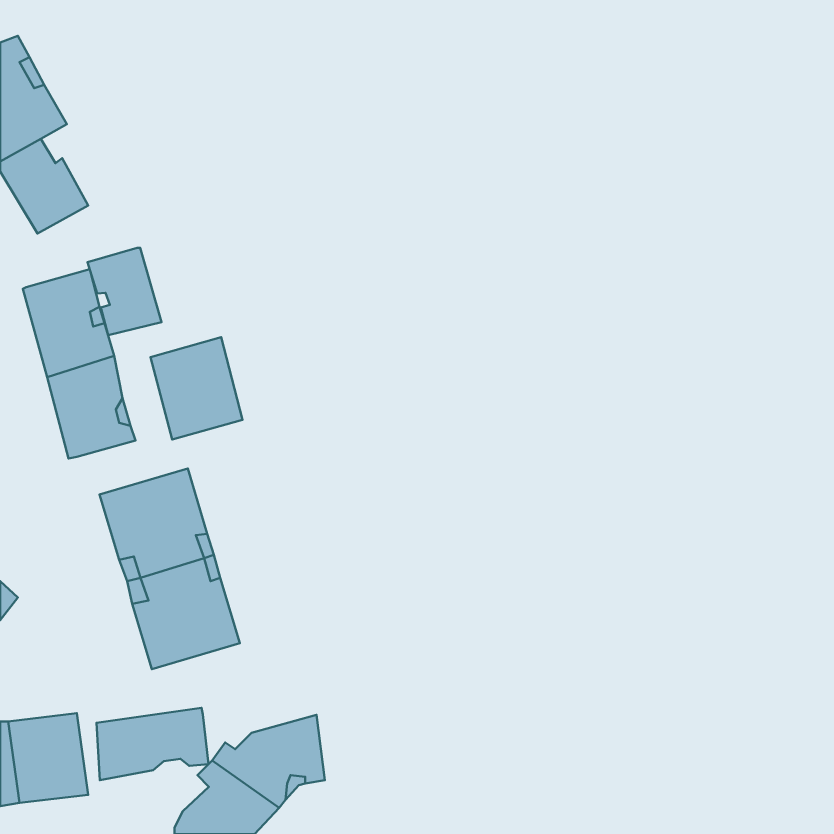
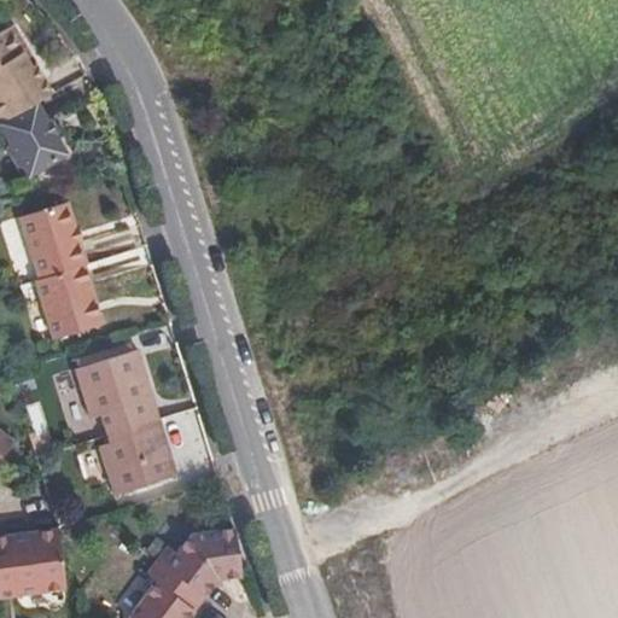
building: [88,248,162,335] -> none
building: [151,337,243,440] -> none
building: [96,708,209,780] -> none

